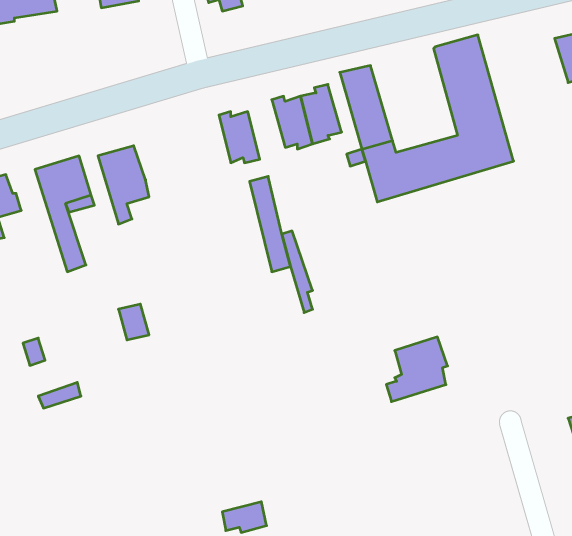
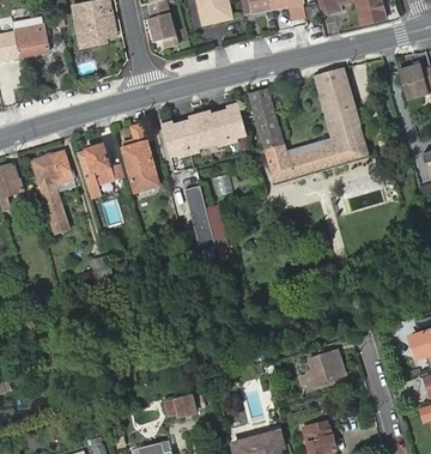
building: none -> [182,113,208,155]
building: none -> [122,123,158,190]
building: [386,337,448,402] -> [298,343,341,388]

